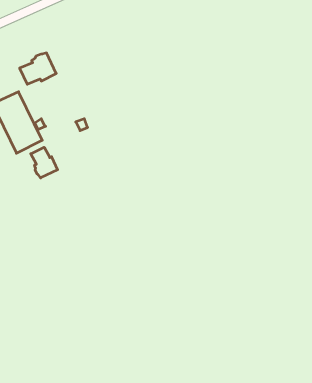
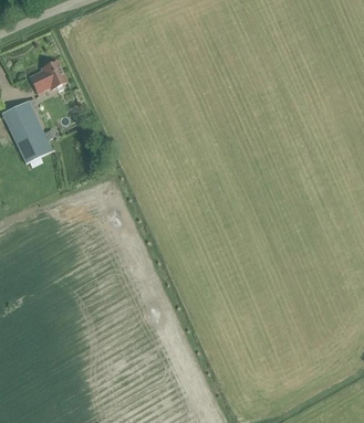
building: [31,147,58,178] -> none

